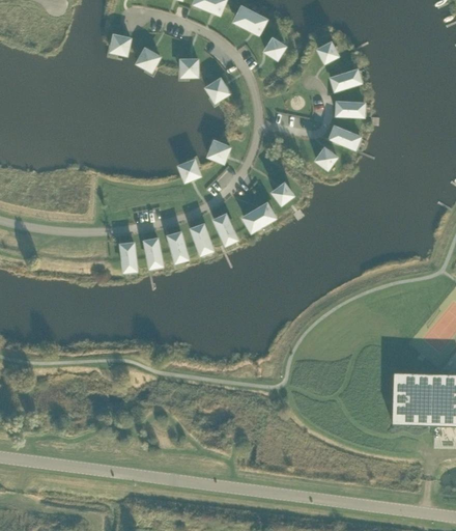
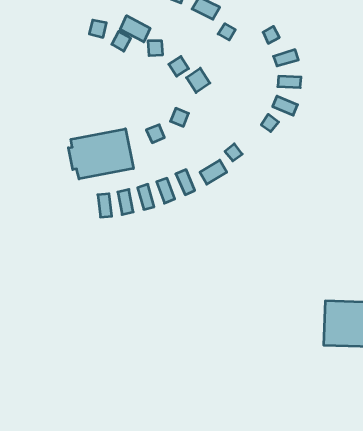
building: none -> [120,16,150,42]
building: none -> [186,68,210,93]
building: none -> [68,129,133,179]

